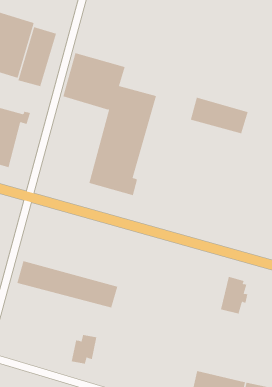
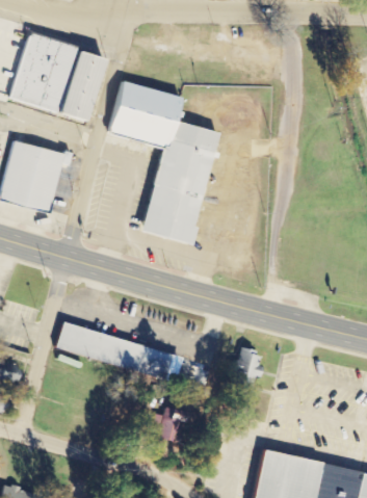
building: [190,97,249,134] -> none
building: [220,276,248,314] -> [230,345,262,389]
building: [71,335,97,364] -> [153,407,183,441]

